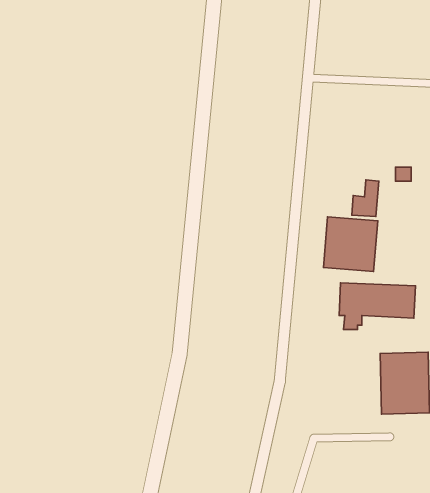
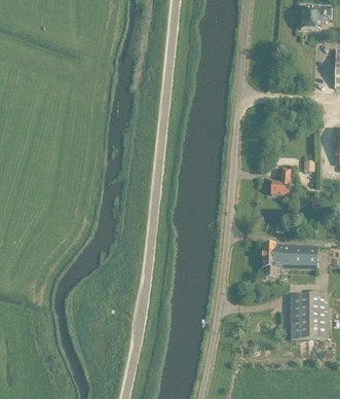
building: [323,217,378,271] -> none

